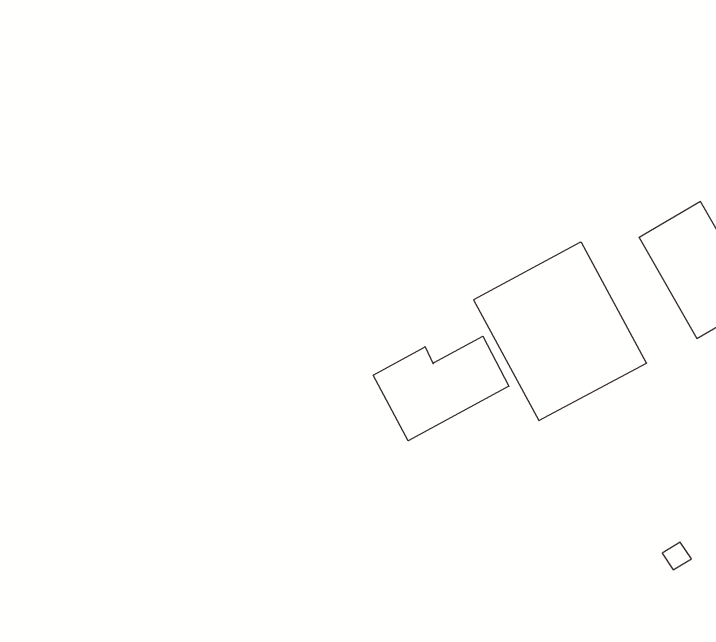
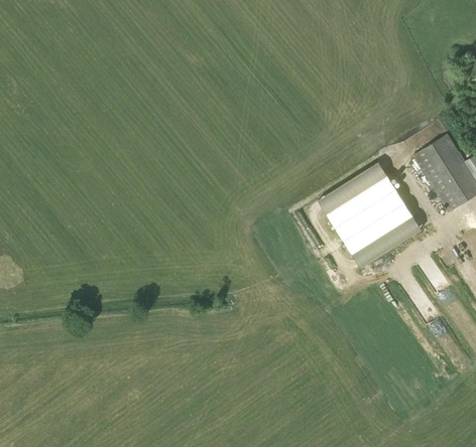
building: [373,336,509,441] -> none

